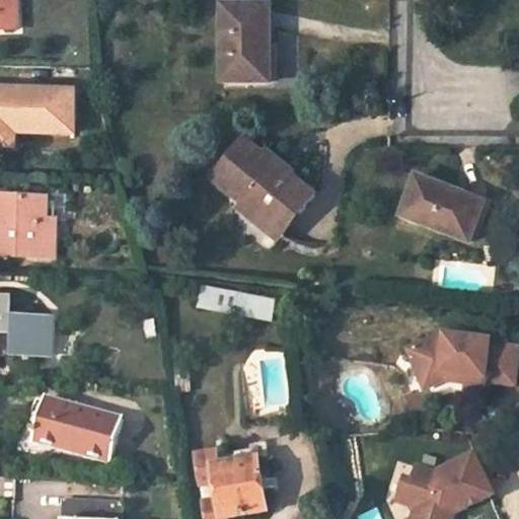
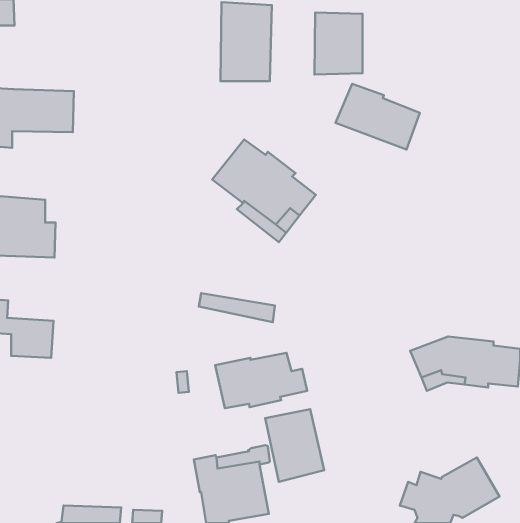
building: none -> [314,13,363,74]
building: [398,175,481,240] -> [336,84,420,150]
building: none -> [215,353,307,408]
building: [31,396,122,459] -> none
building: none -> [265,409,324,482]

